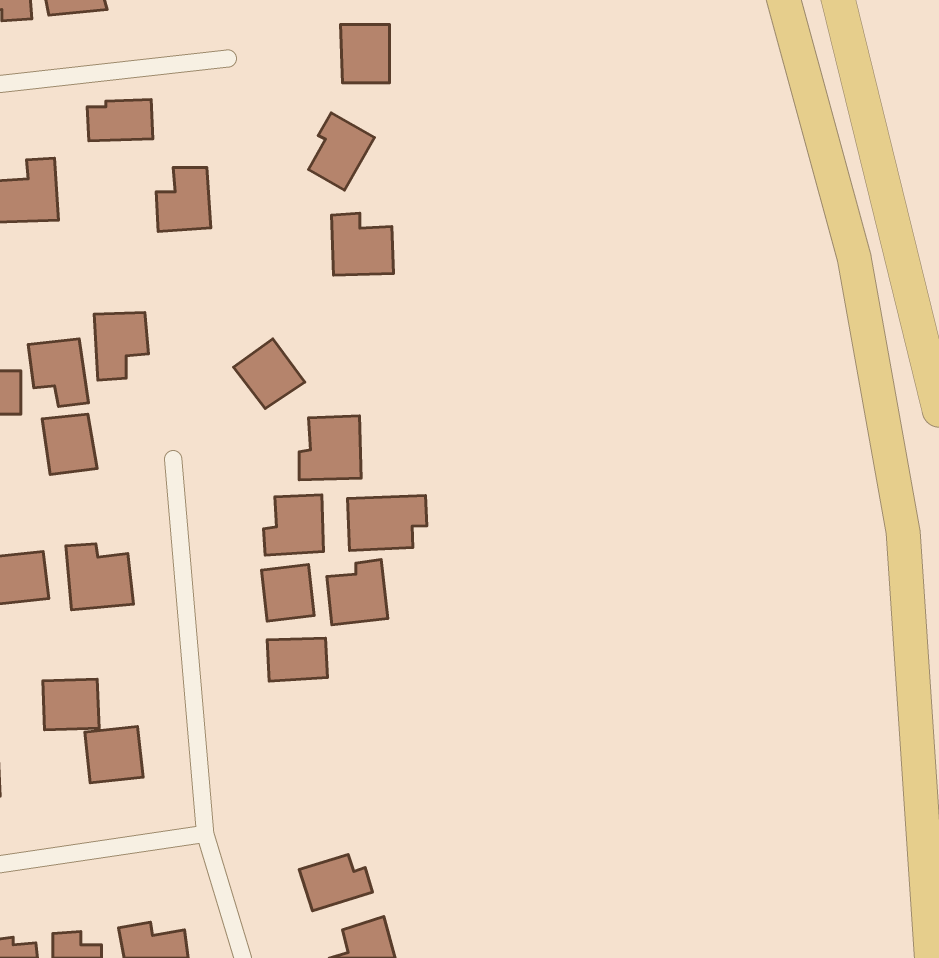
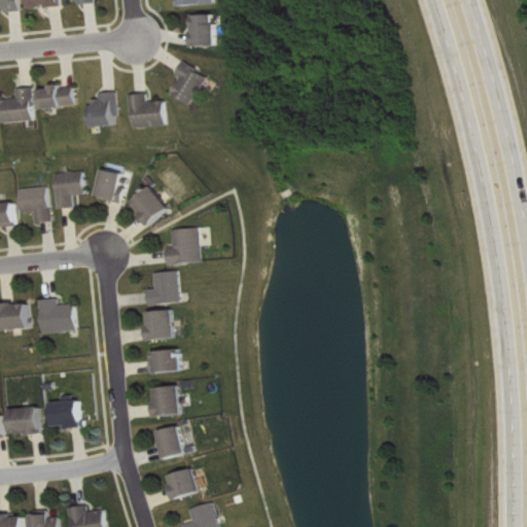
building: [87,99,153,141] -> [37,84,73,107]
building: [331,213,394,275] -> [130,93,164,127]
building: none -> [94,169,119,201]
building: [42,414,97,475] -> none
building: [348,495,427,550] -> none
building: [327,560,388,625] -> none
building: [43,679,99,730] -> [6,407,37,434]
building: none -> [150,385,180,417]
building: none -> [154,425,183,458]

